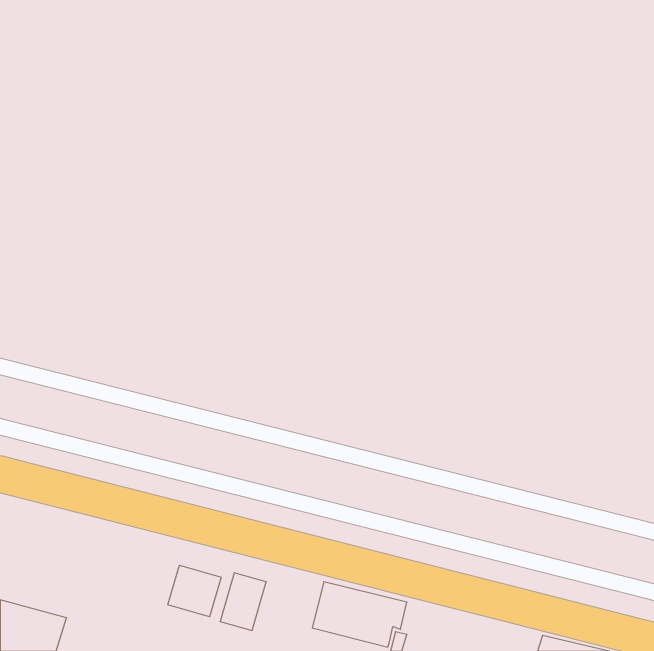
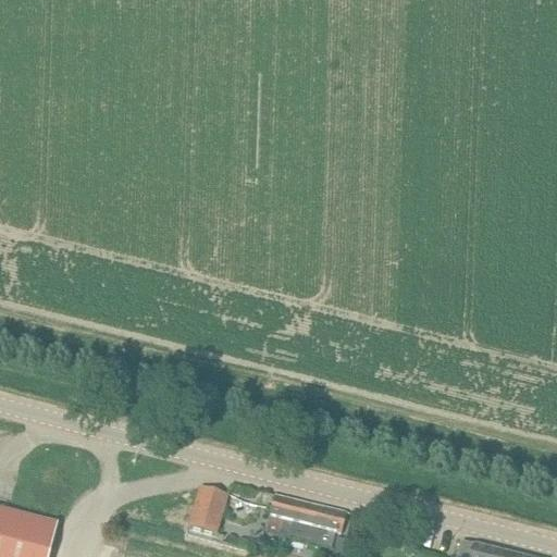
building: [168,565,221,617] -> none

